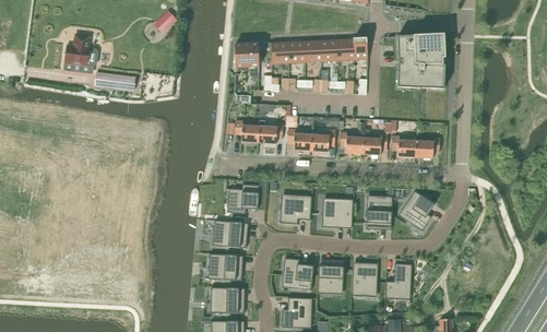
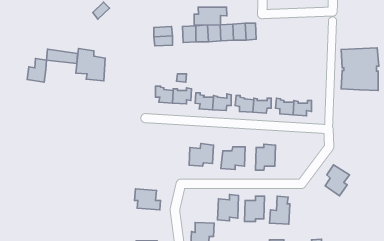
building: none -> [194,7,227,25]
building: [396,33,445,88] -> [341,48,379,91]
building: [63,34,88,64] -> [27,59,47,82]
building: none -> [76,48,105,81]
building: [227,183,259,213] -> none
building: [403,190,435,230] -> [325,165,350,196]
building: [213,220,247,247] -> none
building: [282,257,313,289] -> none
building: [211,286,245,312] -> none

